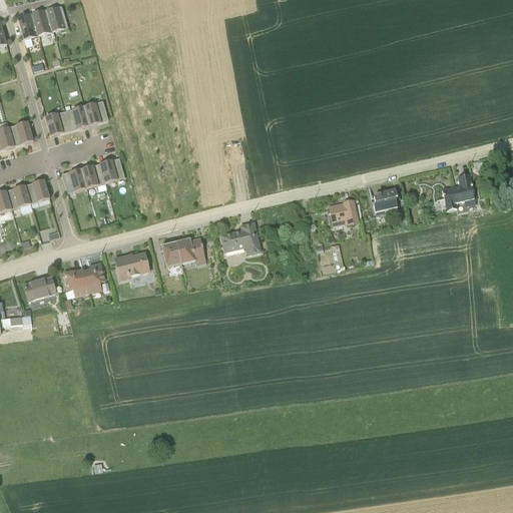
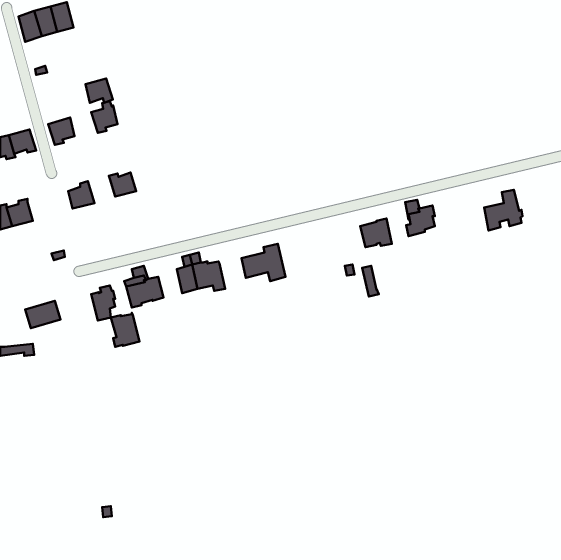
building: [64,103,89,125] -> [85,79,113,103]
building: [80,164,105,186] -> none
building: [25,177,49,202] -> none
building: [63,268,89,299] -> [111,313,139,347]

